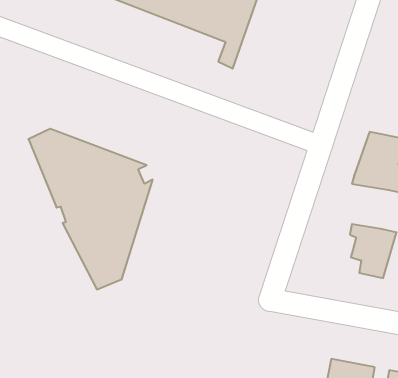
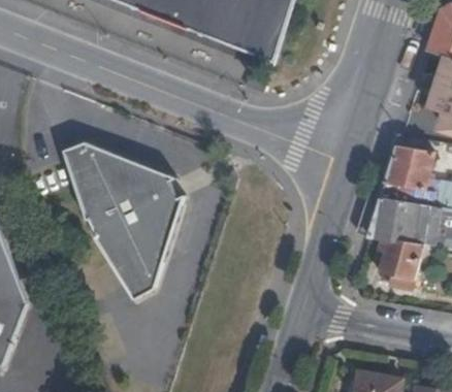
building: none -> [368,197,420,240]

